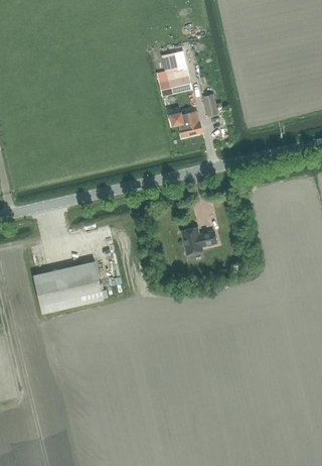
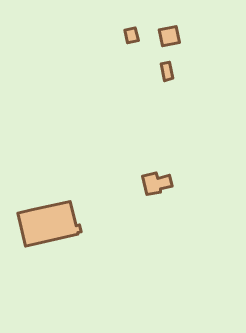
building: [166,69,190,92] -> [159,27,180,46]
building: [168,110,201,137] -> none

